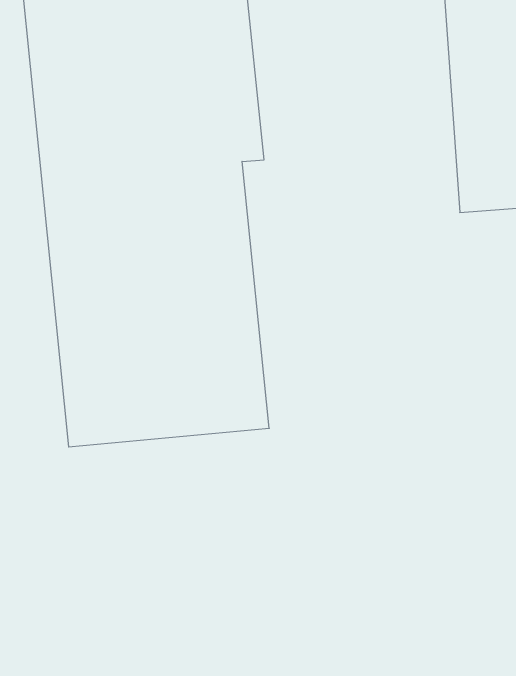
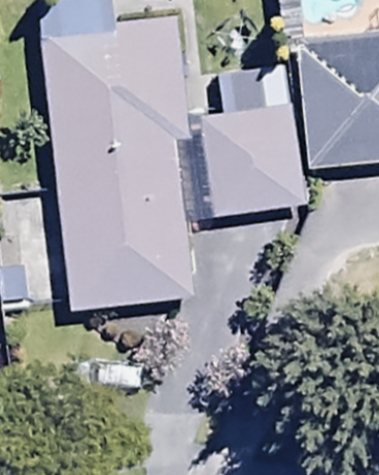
building: none -> [206,68,302,214]

